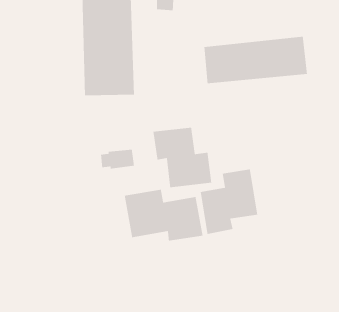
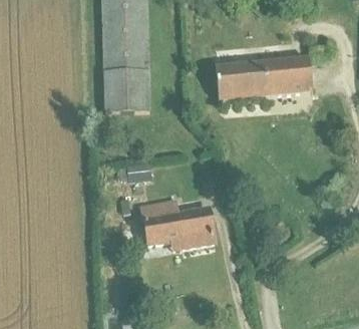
building: [153,127,212,188] -> none
building: [200,168,258,235] -> none

